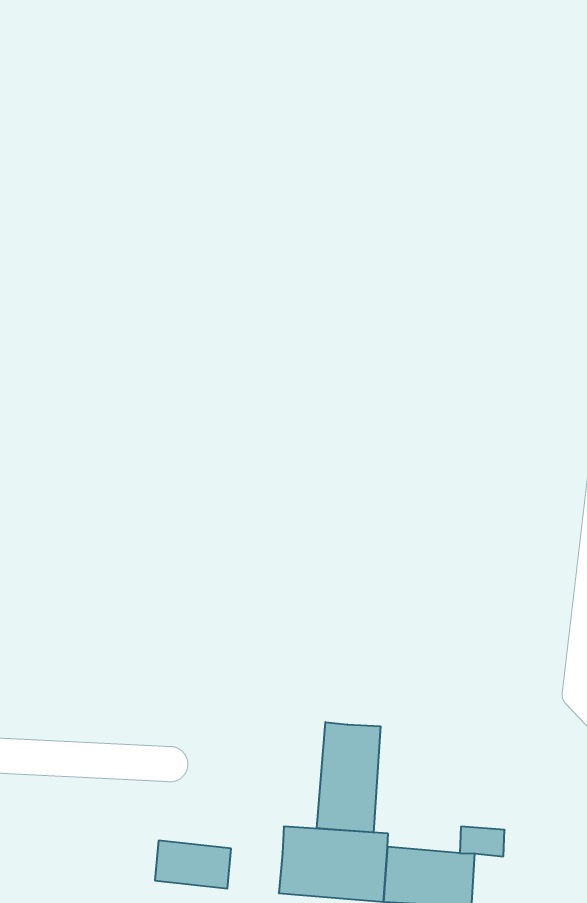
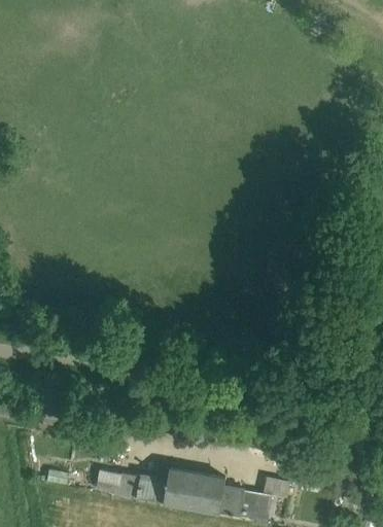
building: [317,722,380,833] -> none
building: none -> [135,478,167,504]

